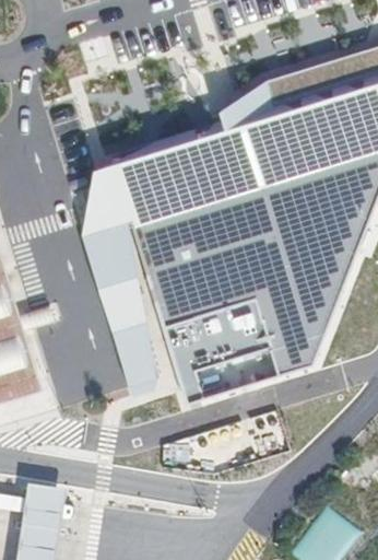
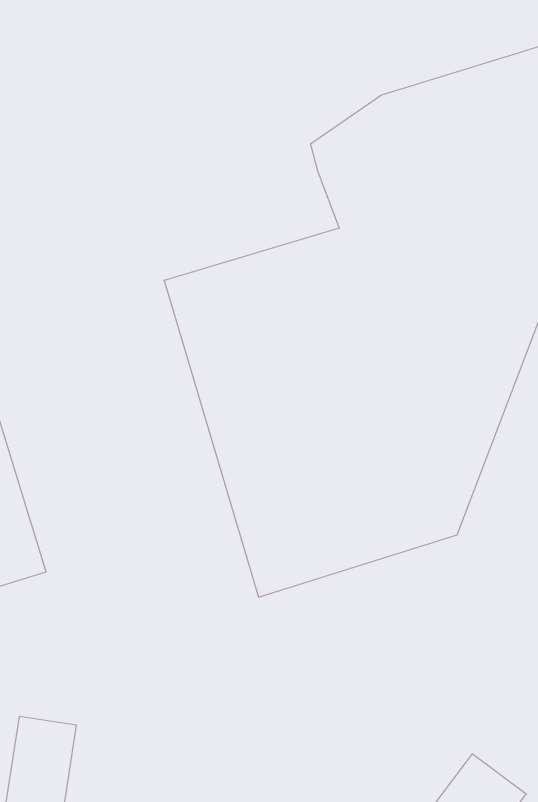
building: [81,128,238,386] -> none

